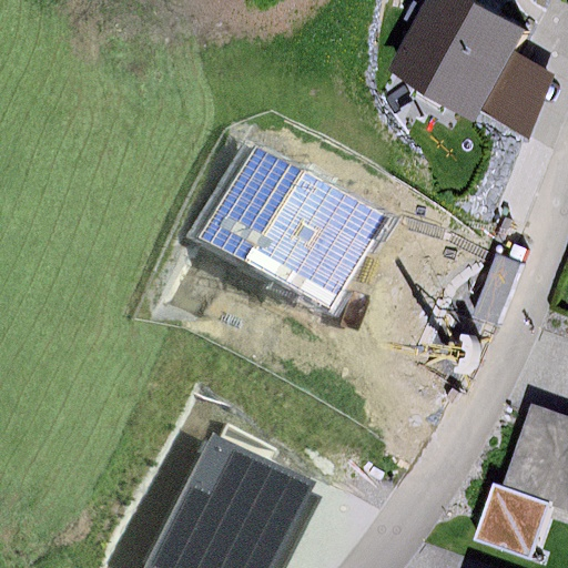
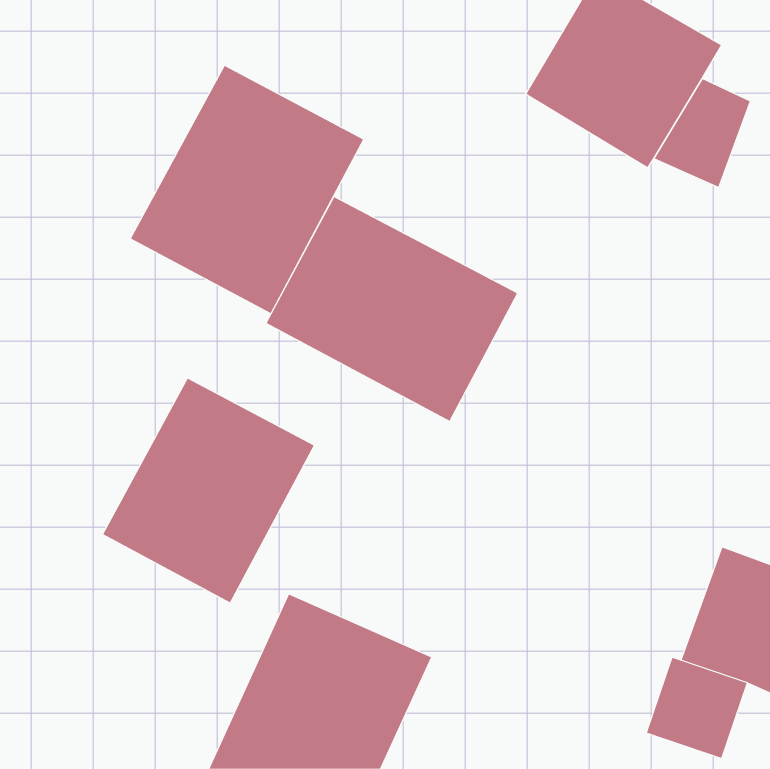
building: none -> [130,65,364,314]
building: none -> [103,378,314,603]

